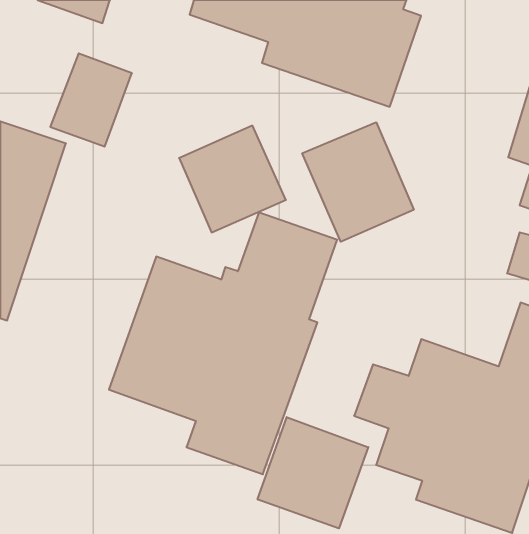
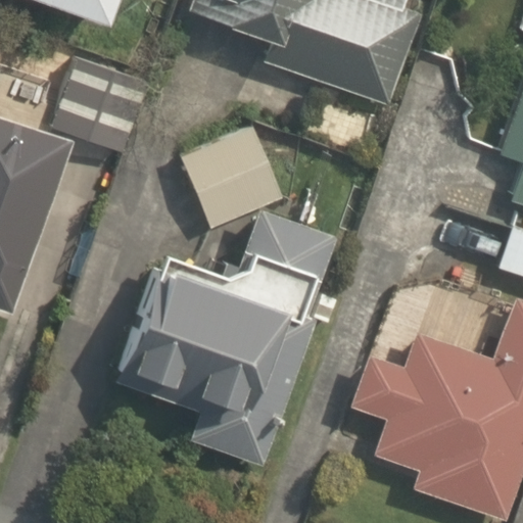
building: [302,122,414,242] -> none
building: [258,417,368,528] -> none

